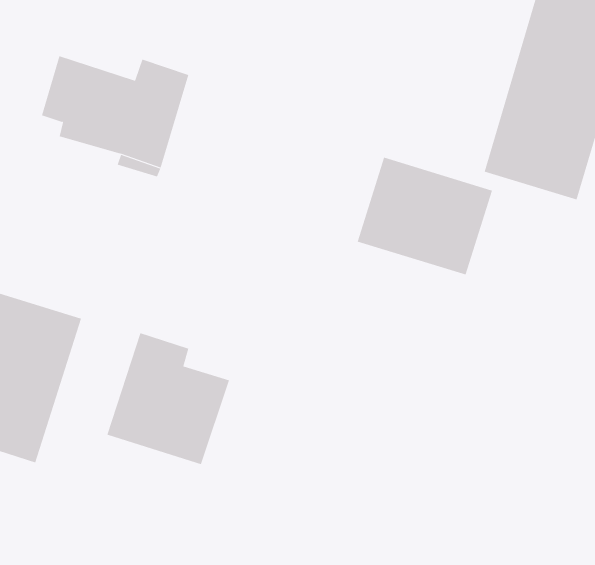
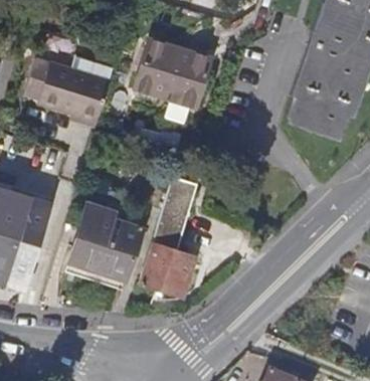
building: [357,157,493,275] -> [136,37,213,105]
building: none -> [139,171,198,296]

